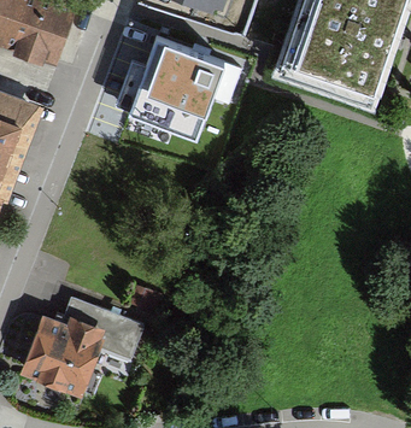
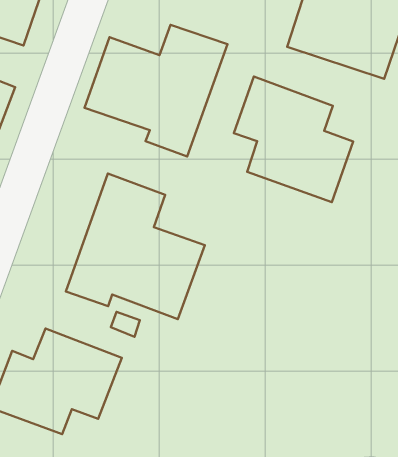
building: none -> [234,76,353,202]
building: none -> [66,173,205,319]

